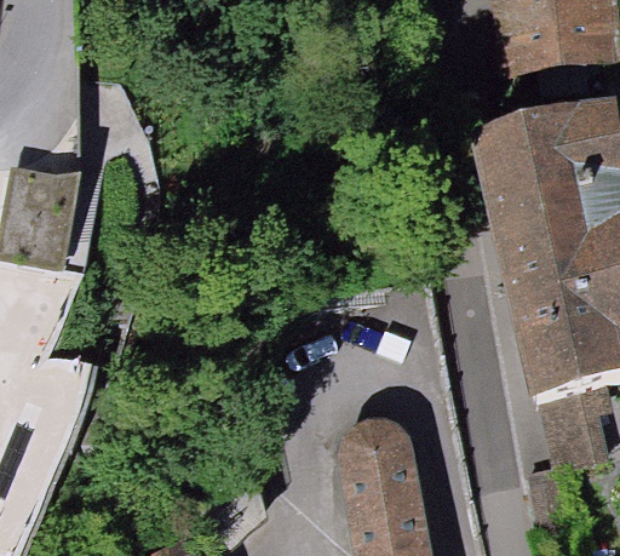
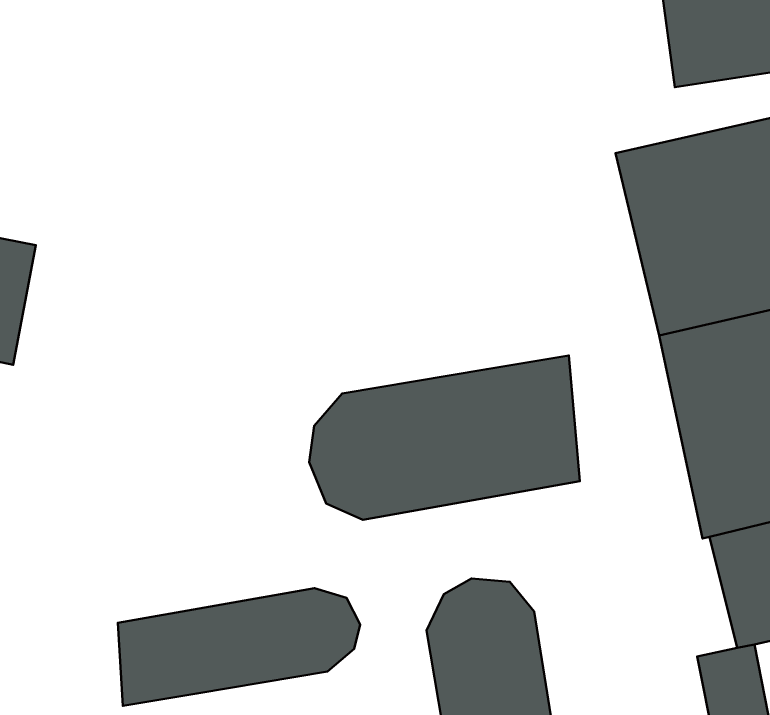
building: none -> [309,355,580,520]
building: none -> [118,588,360,706]

